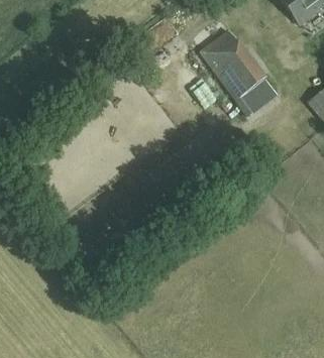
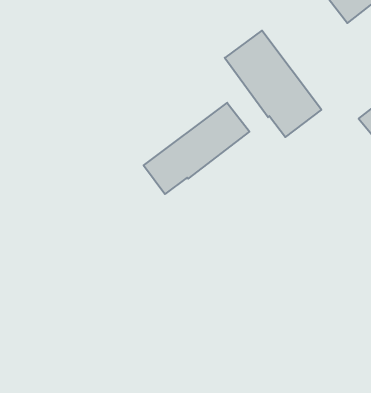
building: none -> [144,103,249,194]

